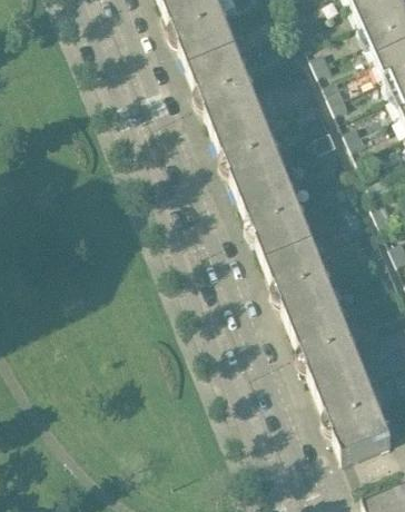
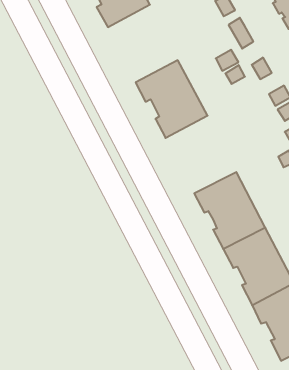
building: [191,53,265,138] -> none
building: [243,183,317,267] -> none

